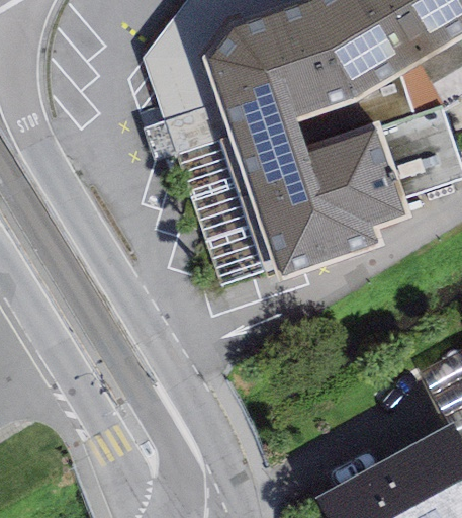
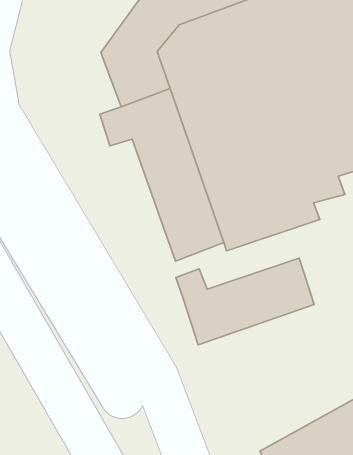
building: none -> [176,258,314,345]

